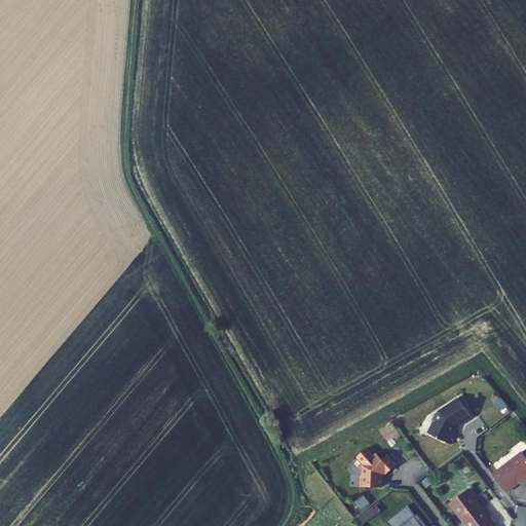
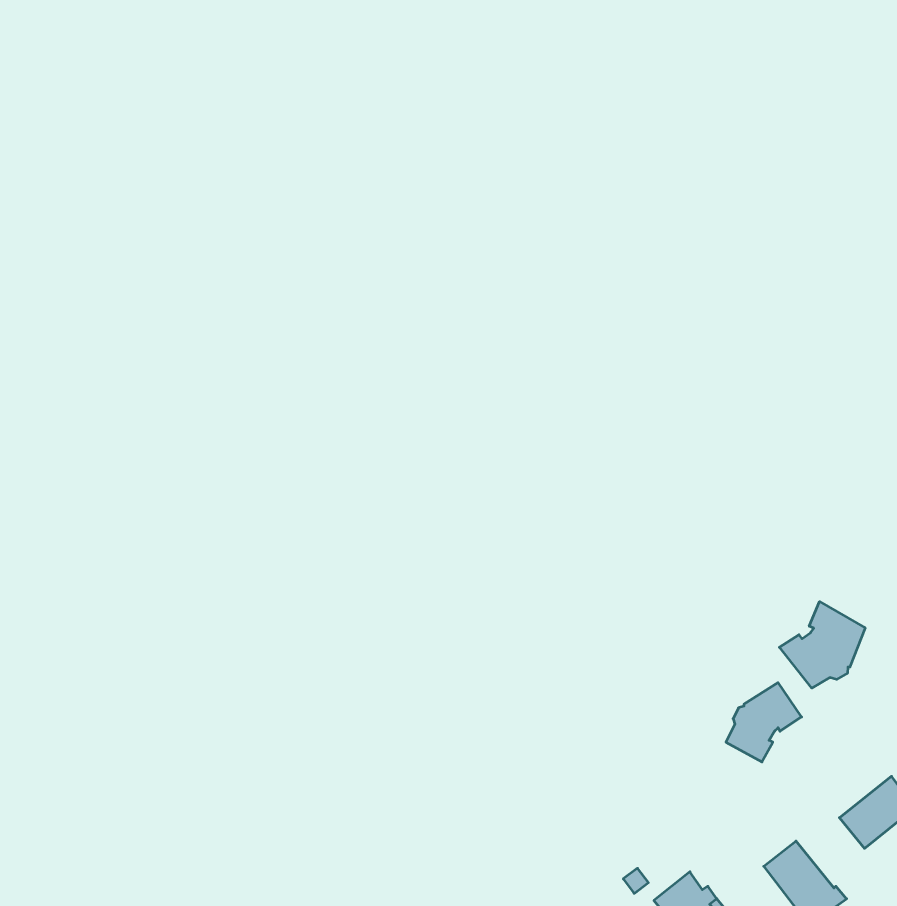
building: none -> [779,602,865,688]
building: [356,450,396,488] -> none

